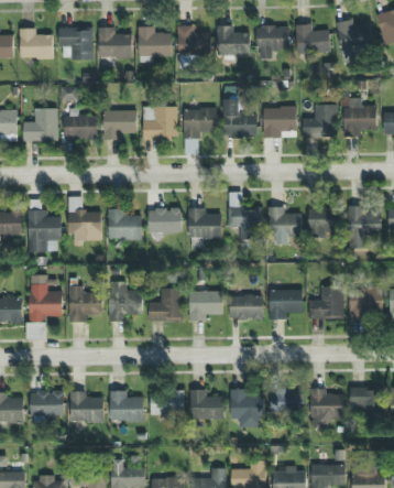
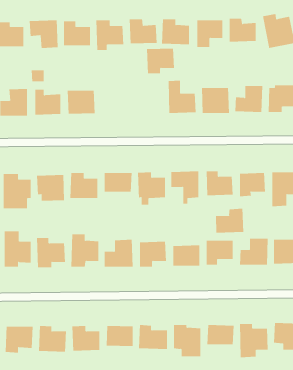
building: [143,106,177,138] -> none
building: [183,108,217,139] -> [146,48,175,74]
building: none -> [216,208,244,234]

